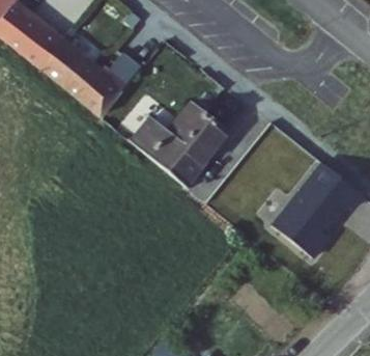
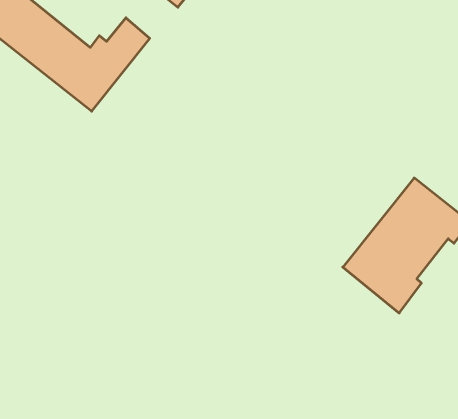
building: [127,100,227,182] -> none

